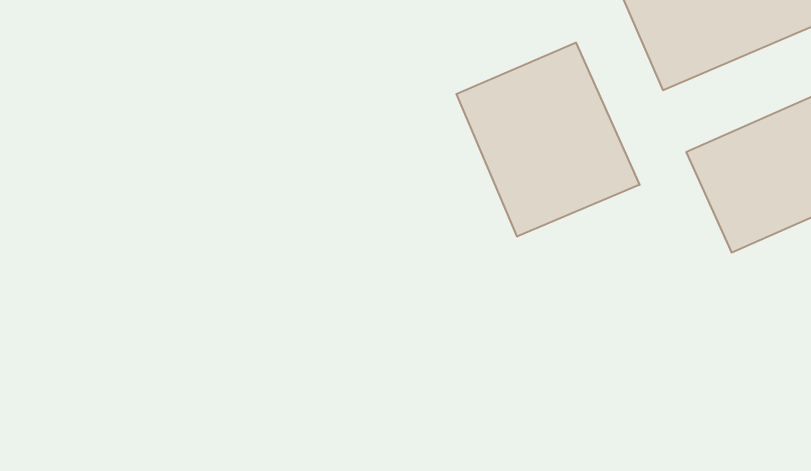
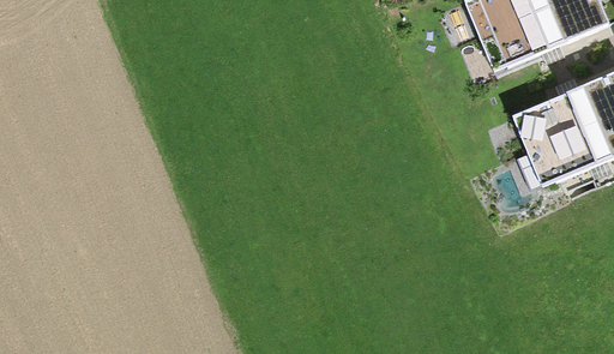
building: [456,43,640,237] -> none

